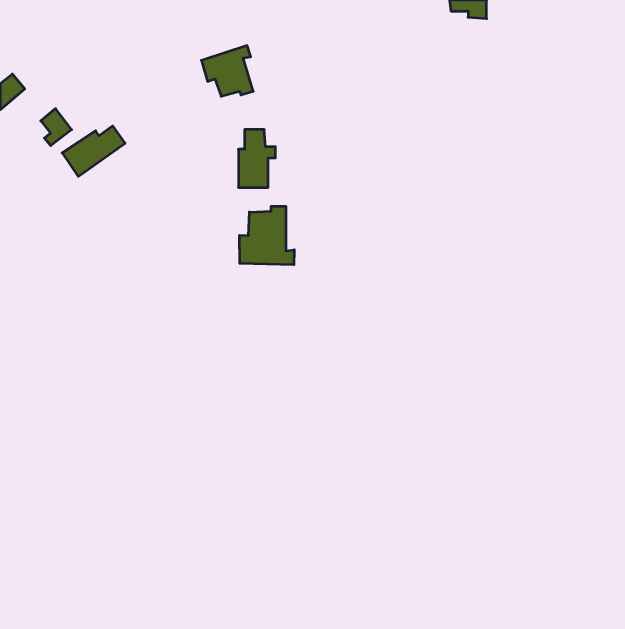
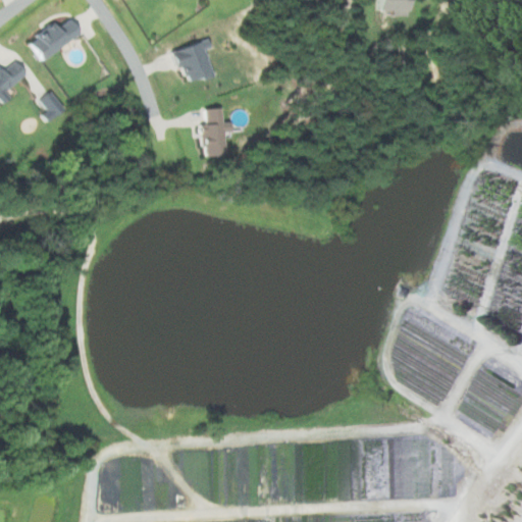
building: [62,126,125,176] -> [29,19,81,61]
building: [240,206,294,265] -> none

